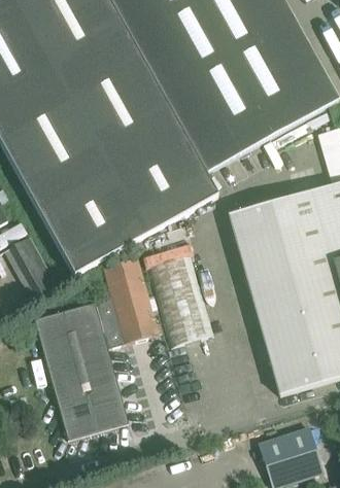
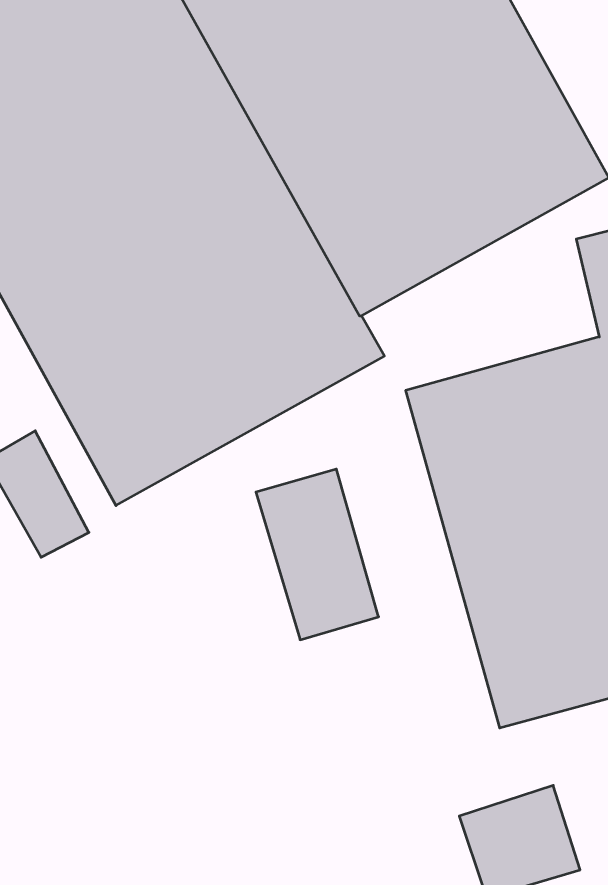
building: [35,257,159,439] -> none

